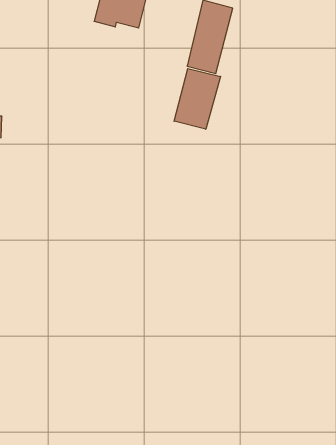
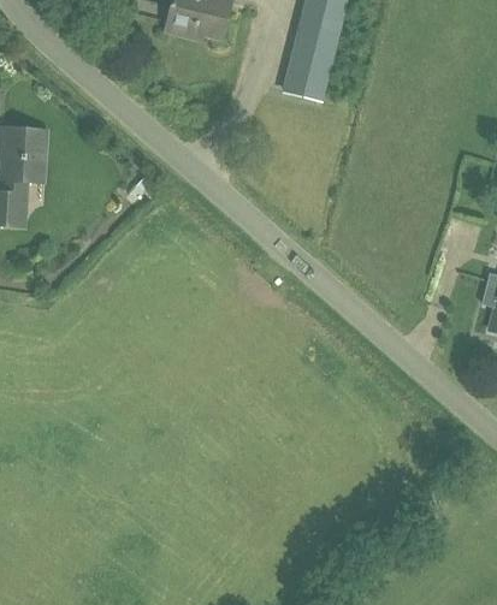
building: [174,69,221,129] -> none

